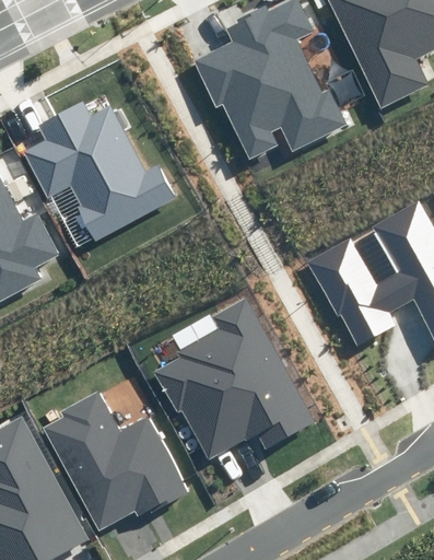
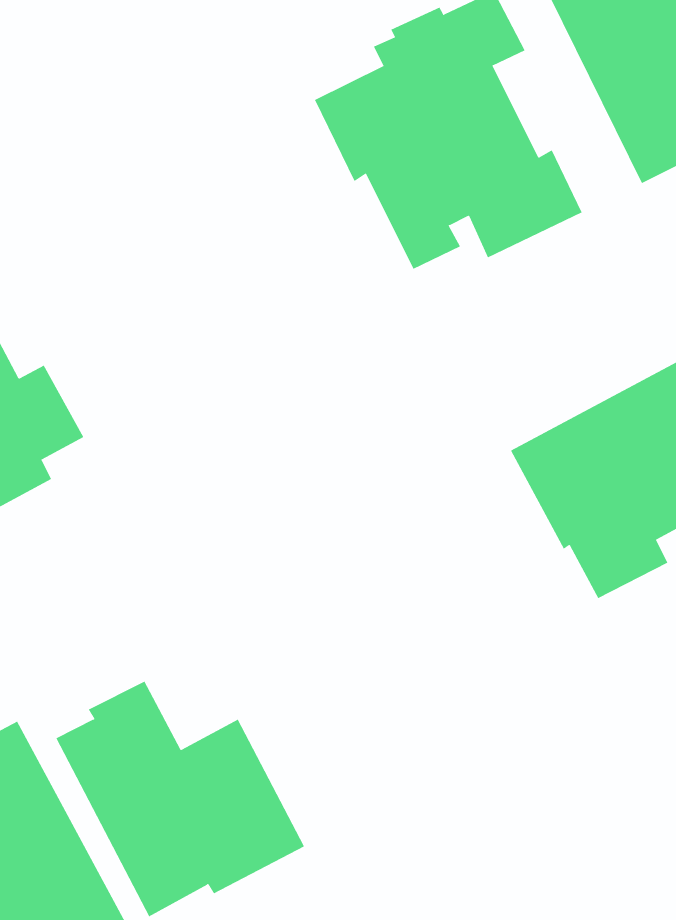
building: [22,101,175,240] -> none
building: [153,301,313,460] -> none

